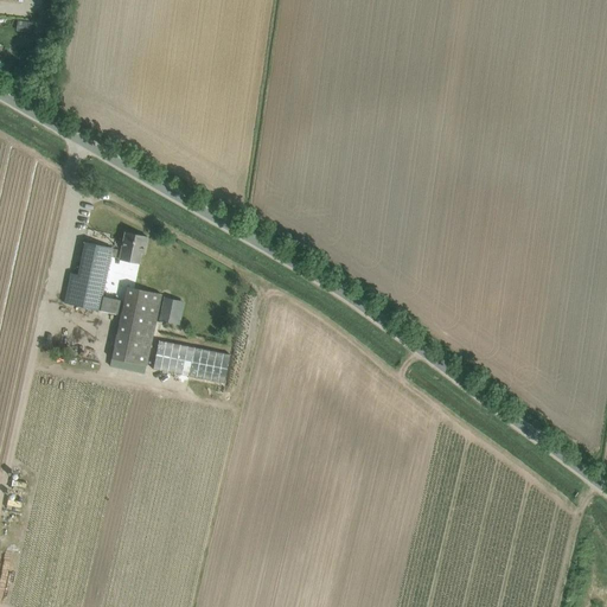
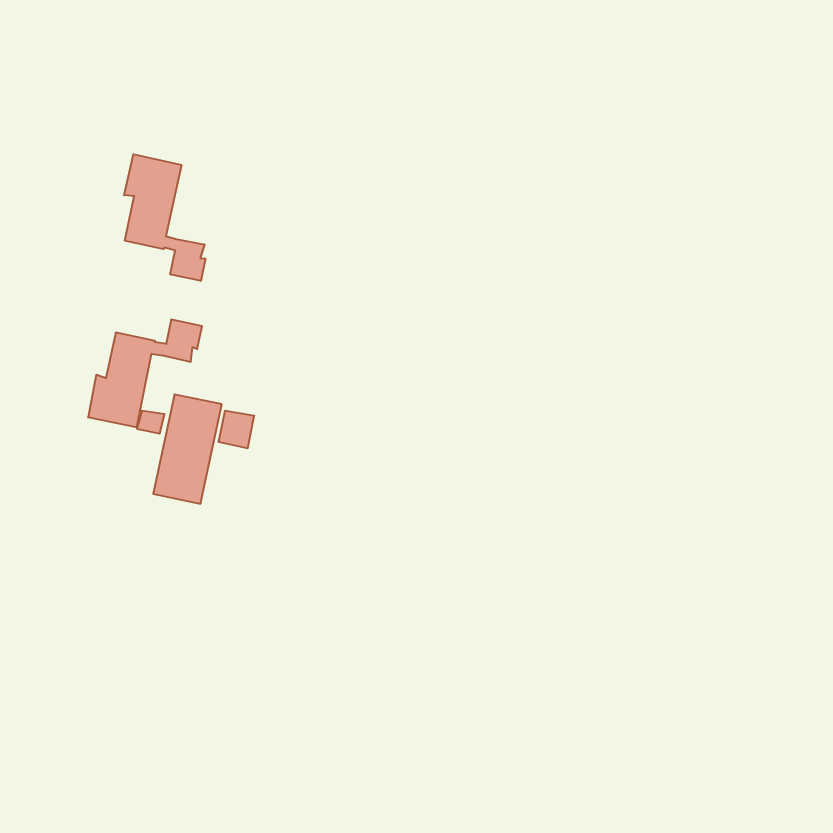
building: none -> [124,154,205,281]
building: [153,340,230,383] -> none

